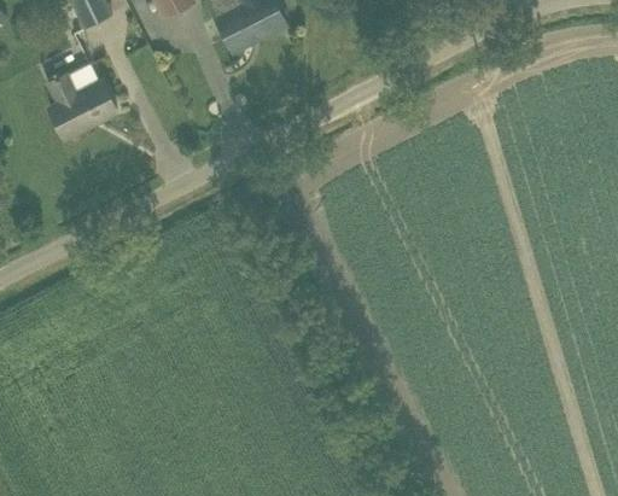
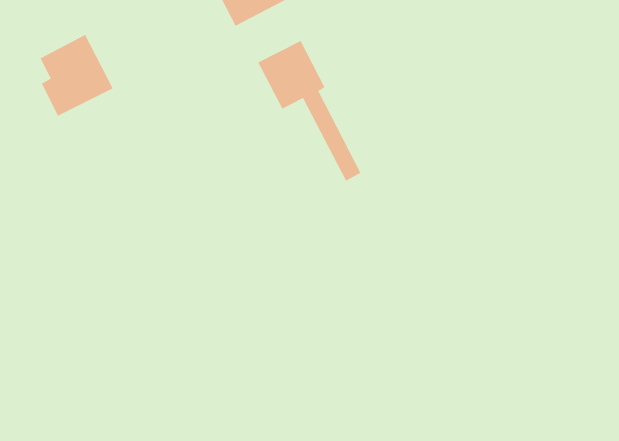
building: none -> [258,40,361,182]

